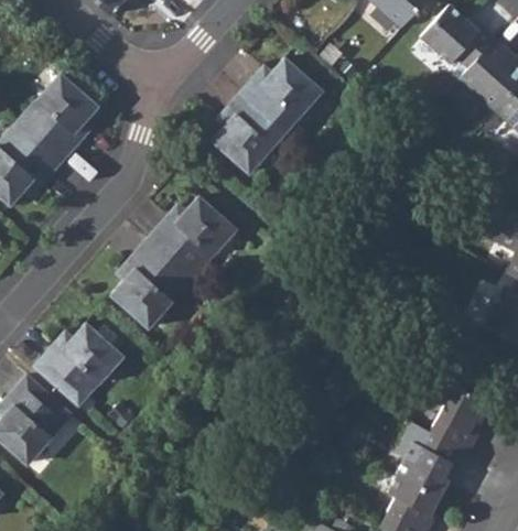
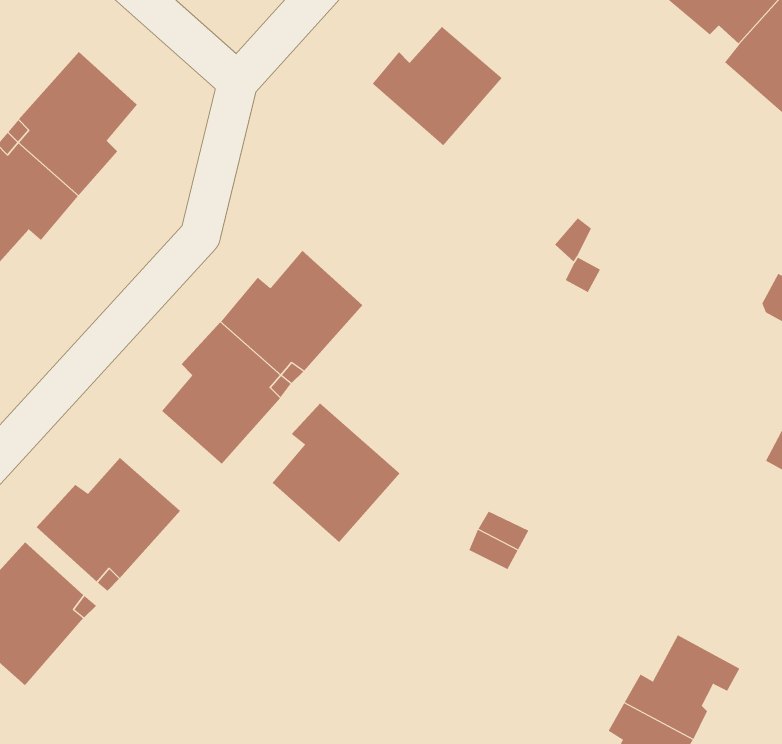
building: [212,93,285,172] -> none
building: none -> [272,402,401,543]
building: [430,380,489,453] -> none

